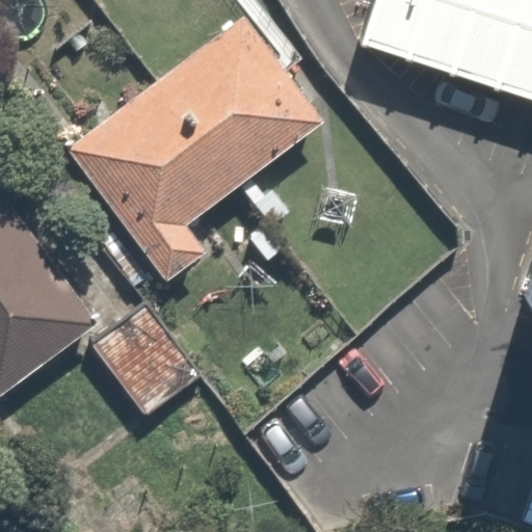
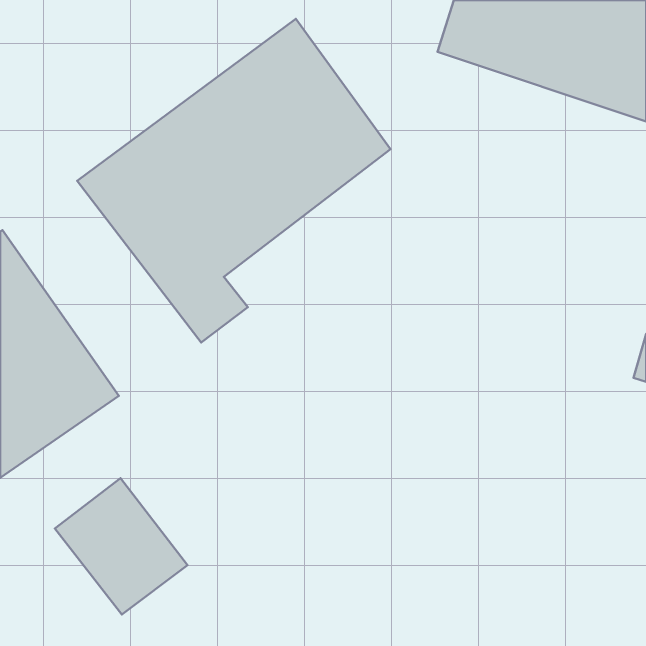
building: [90,305,200,418] -> [55,478,187,615]

